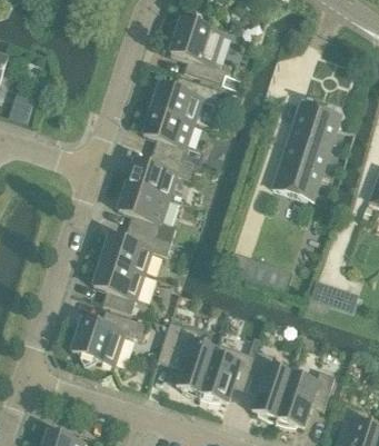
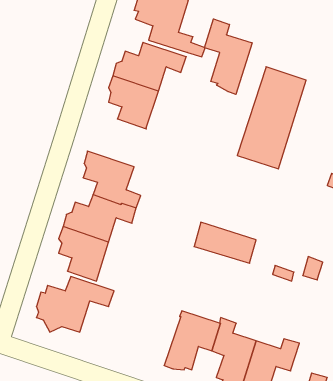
building: none -> [205,19,252,94]
building: [122,151,196,199] -> none
building: [159,323,216,398] -> none

